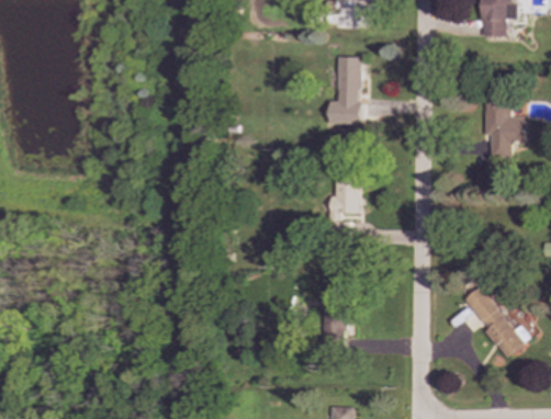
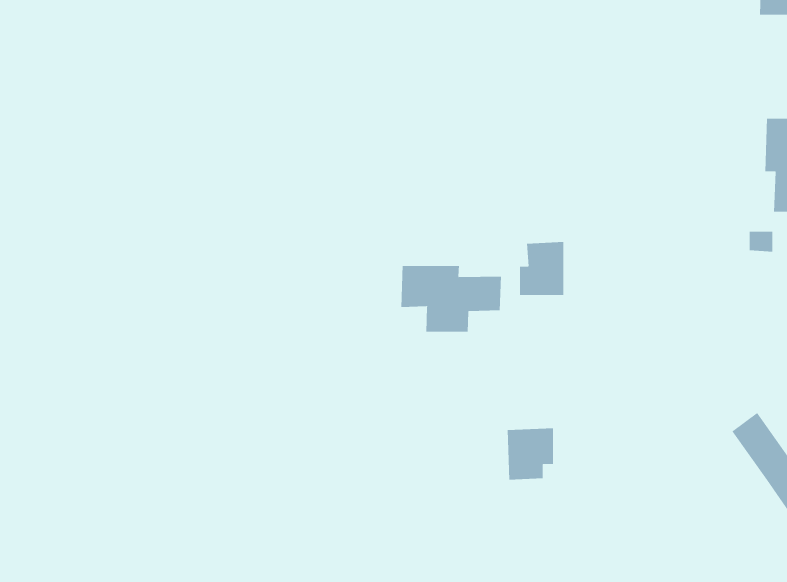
building: [329,57,362,124] -> none
building: none -> [401,265,501,333]

